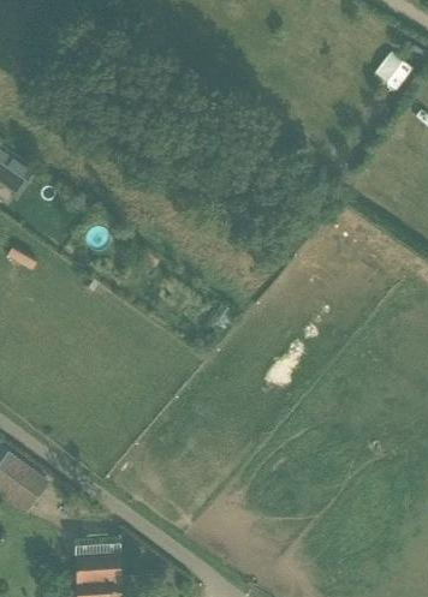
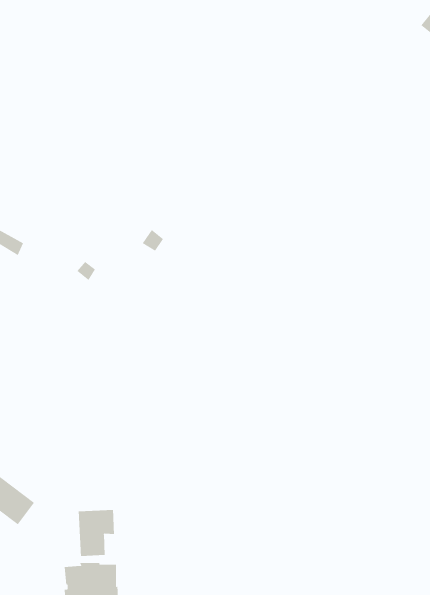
building: none -> [78,509,114,557]

